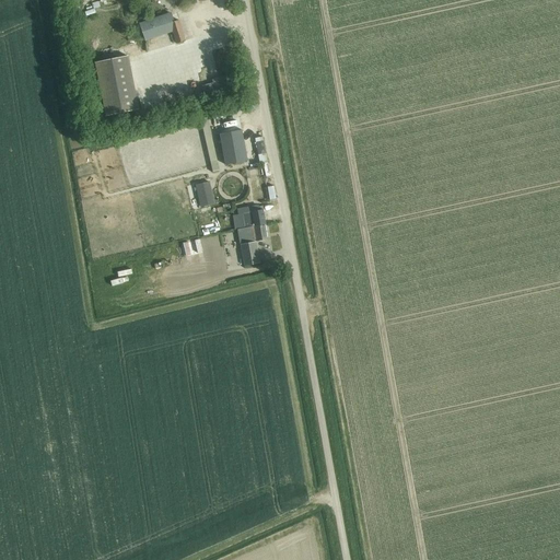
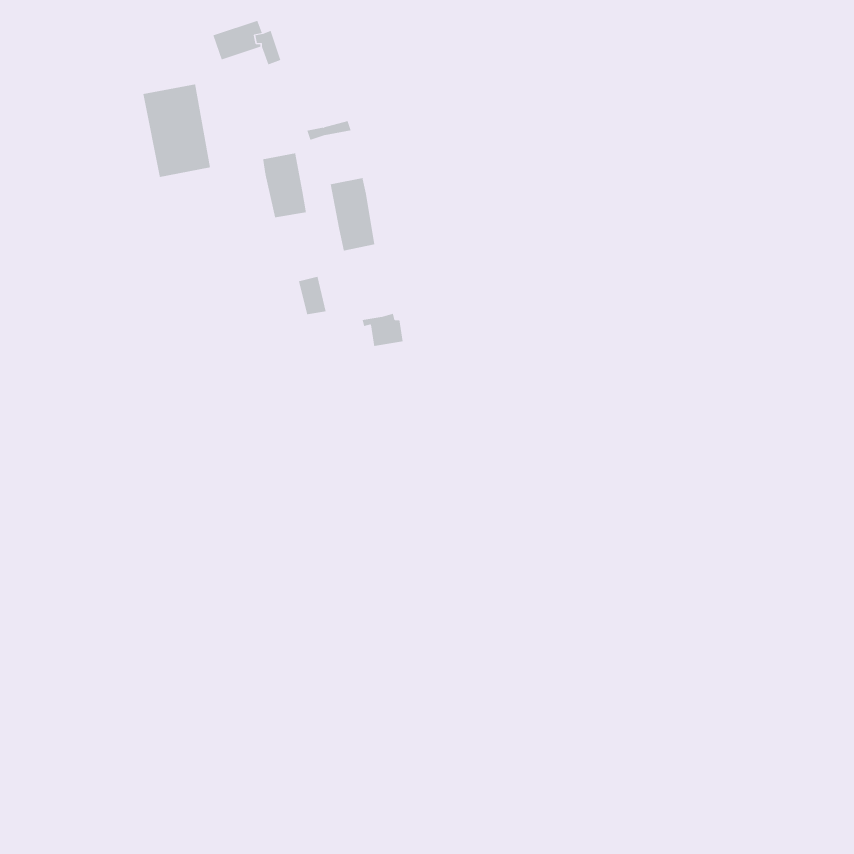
building: none -> [262,153,306,218]
building: [237,223,267,265] -> none

